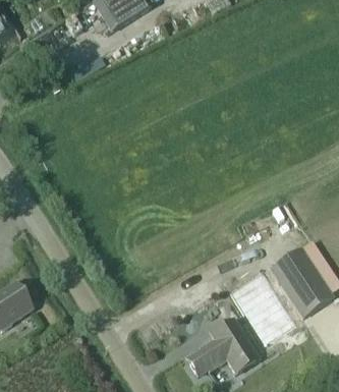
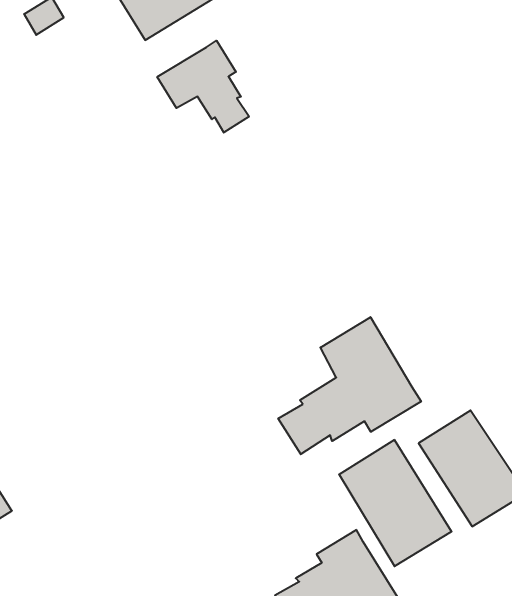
building: none -> [157,41,249,133]
building: none -> [278,317,421,454]

